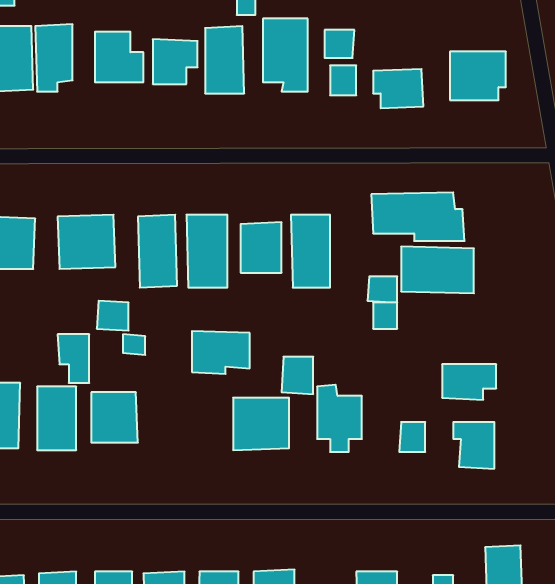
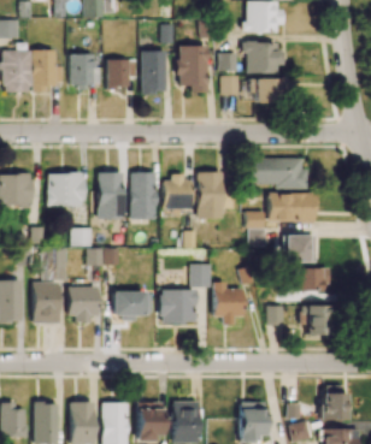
building: [450,52,506,100] -> [246,42,282,73]
building: none -> [285,235,317,262]
building: [192,331,250,374] -> [114,291,152,319]

